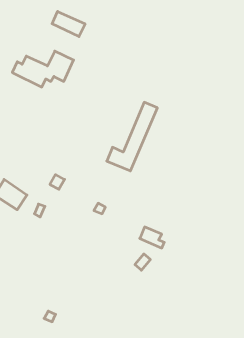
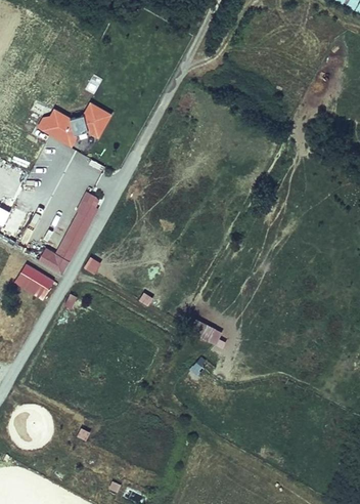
building: [52,11,85,37] -> none
building: [107,102,157,171] -> [37,192,100,278]

